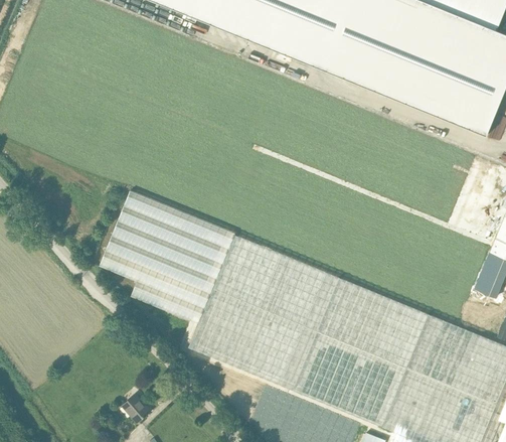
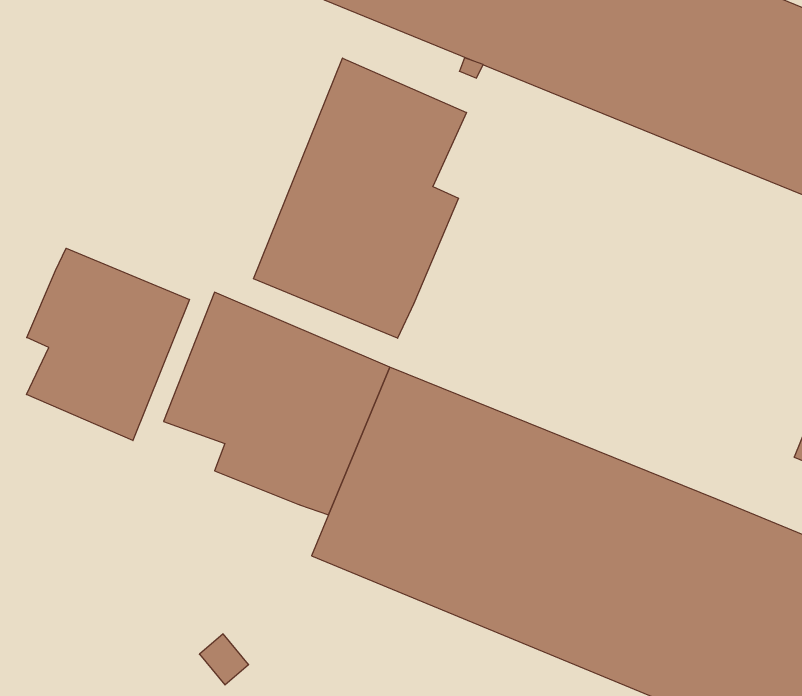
building: none -> [254,58,466,338]
building: none -> [27,248,189,441]

